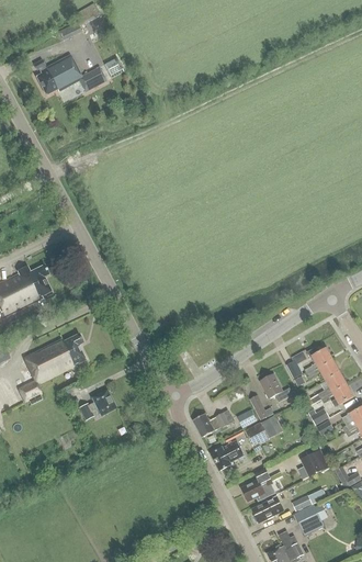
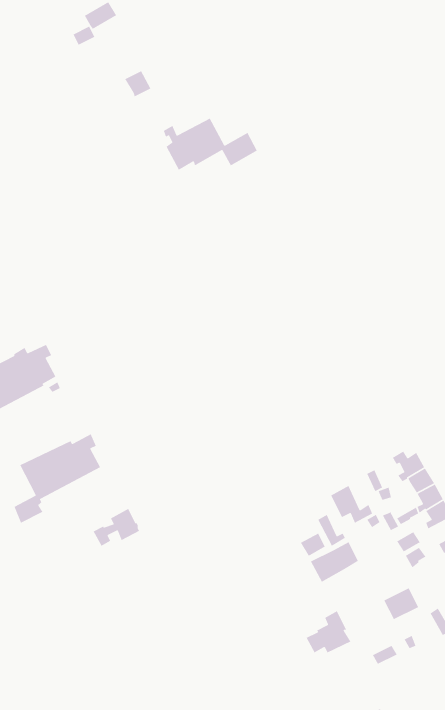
building: [34,54,106,94] -> [163,118,258,171]
building: [193,412,229,437] -> none
building: [211,440,244,470] -> none
building: [252,496,284,521] -> none
building: [294,503,328,535] -> none

